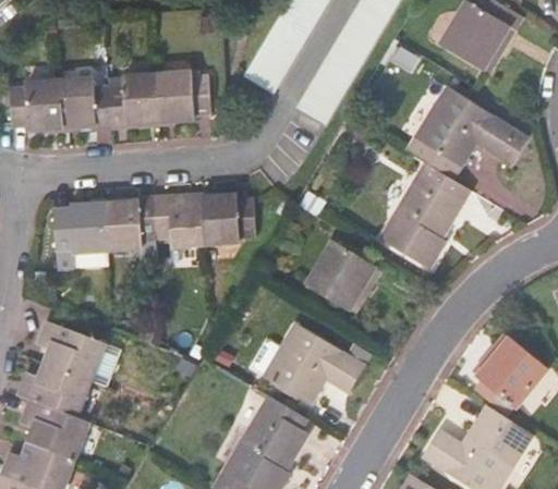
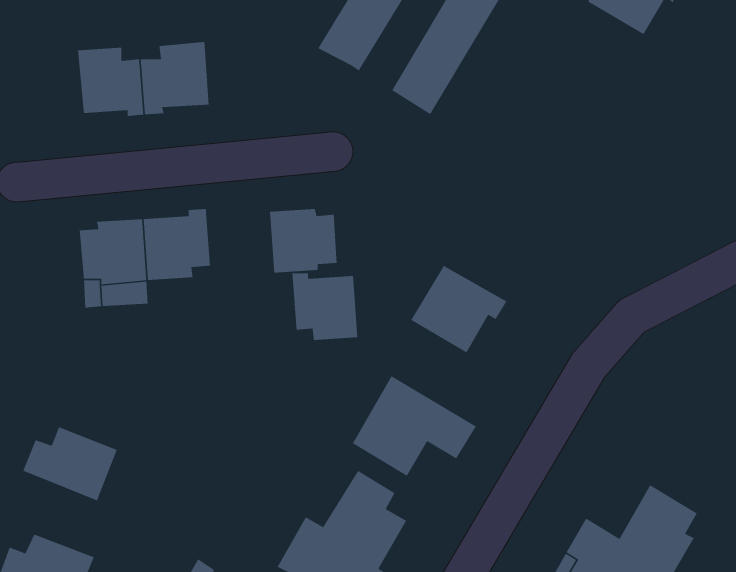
building: [155,72,205,121] -> none
building: [12,80,63,130] -> none
building: [418,87,529,161] -> none
building: [380,162,464,268] -> none
building: [156,198,206,249] -> [291,272,358,341]
building: [38,321,105,379] -> none
building: [473,338,548,407] -> none
building: [19,400,85,460] -> none

